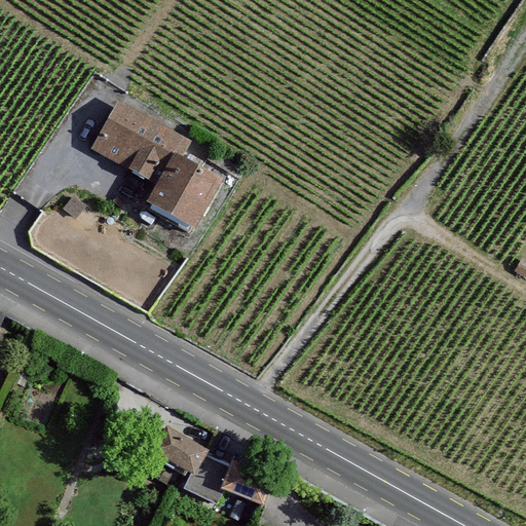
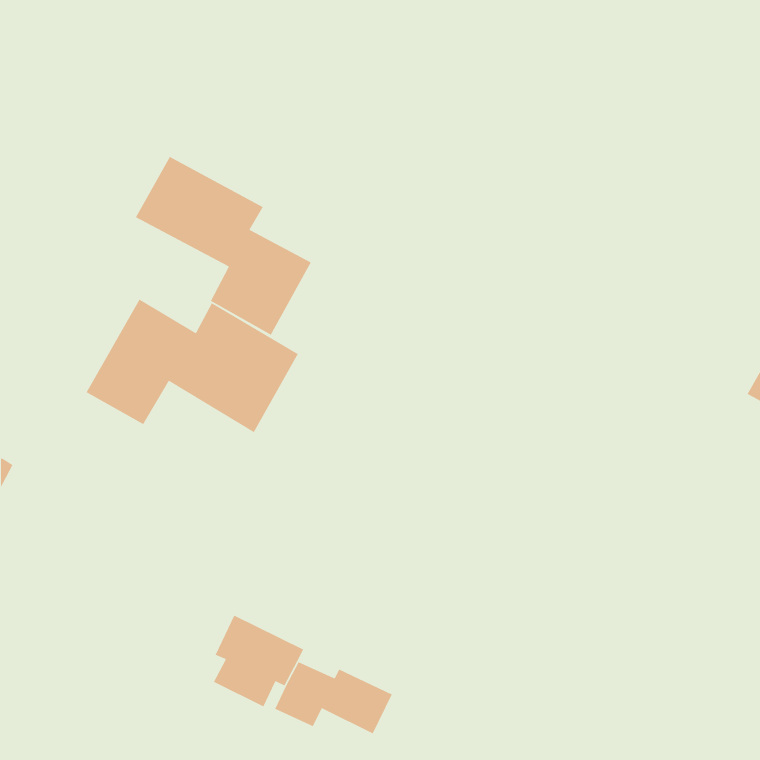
building: none -> [85,298,299,433]

